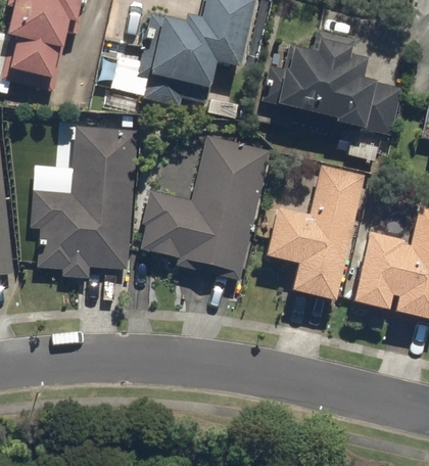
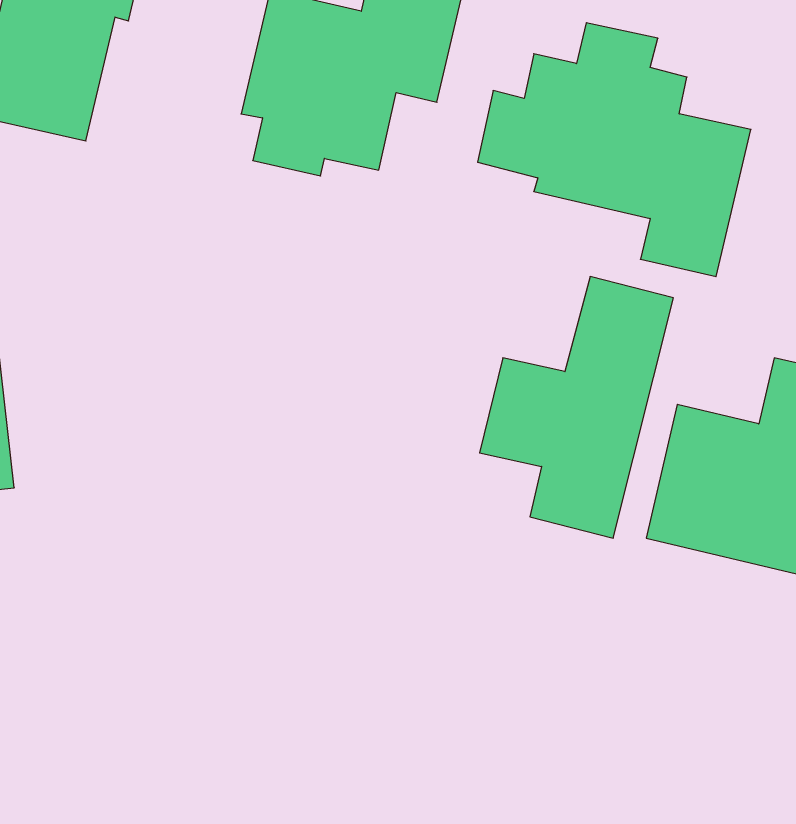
building: [31,125,139,279] -> none
building: [136,132,271,279] -> none

